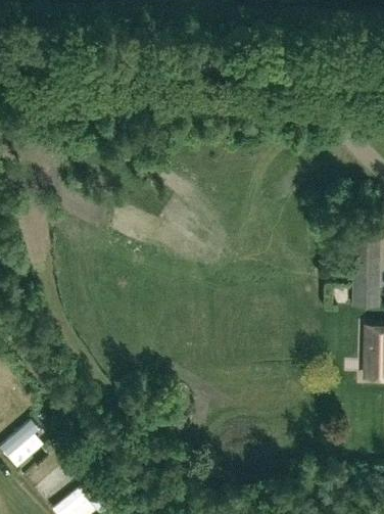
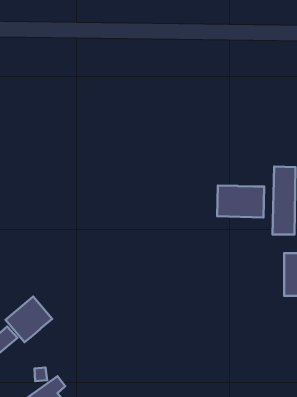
building: none -> [217,186,264,217]
building: none -> [6,296,52,342]

